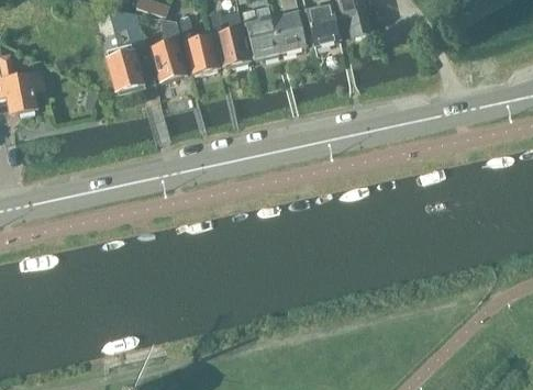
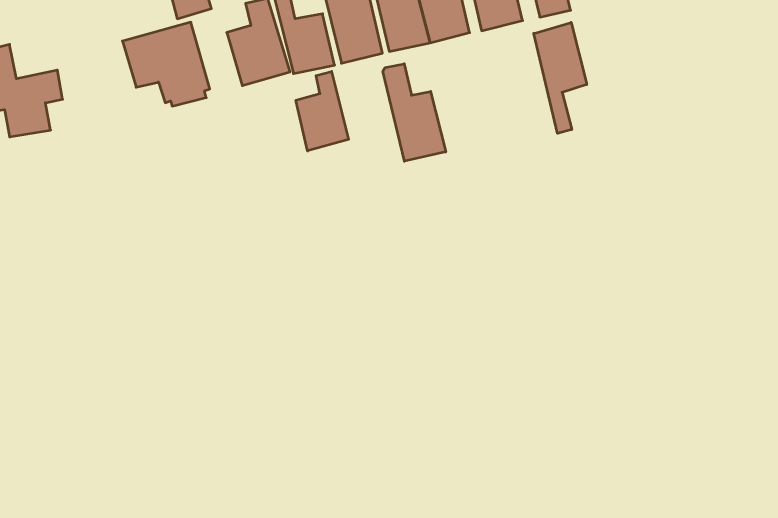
building: none -> [534,22,587,133]
building: none -> [383,64,446,161]
building: none -> [296,71,349,151]

